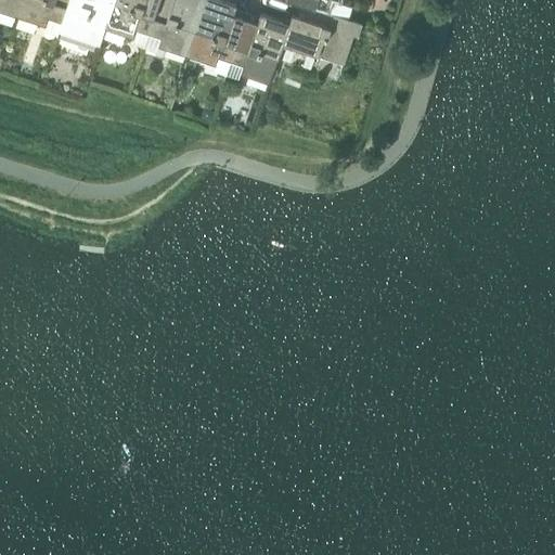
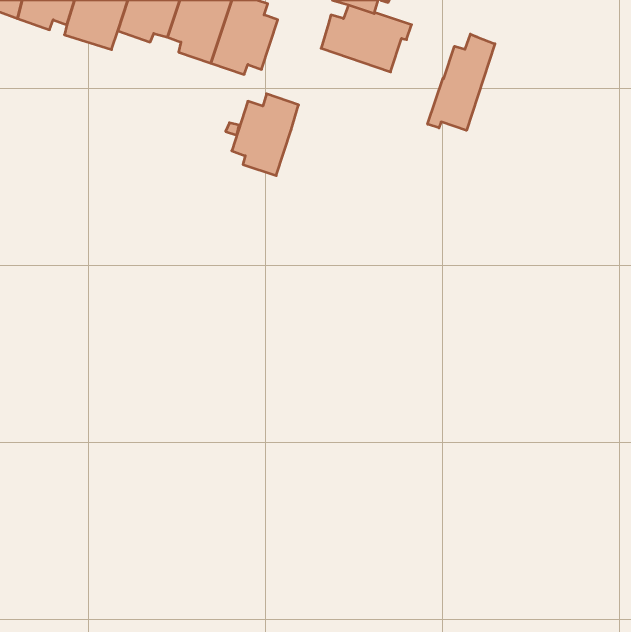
building: [229,12,287,83] -> [232,94,299,176]
building: none -> [428,34,495,130]

